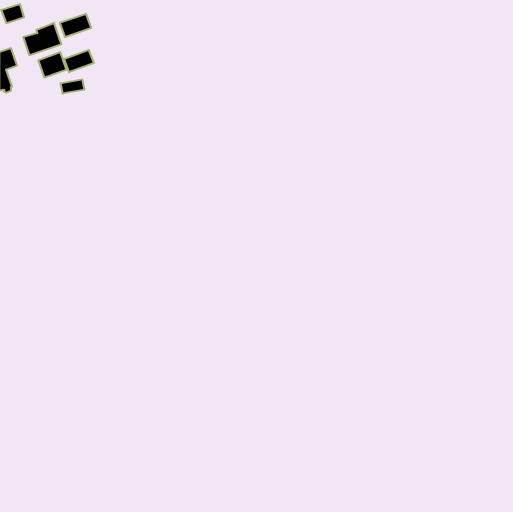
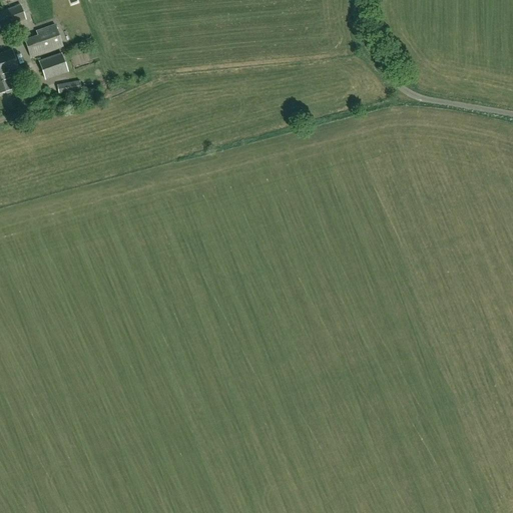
building: [60,14,91,37] -> none
building: [64,50,94,72] -> none

